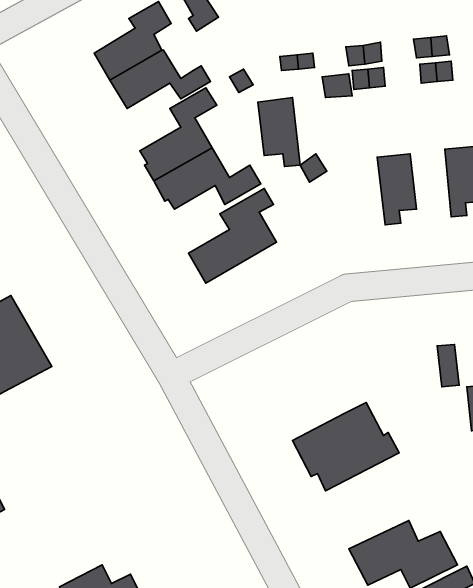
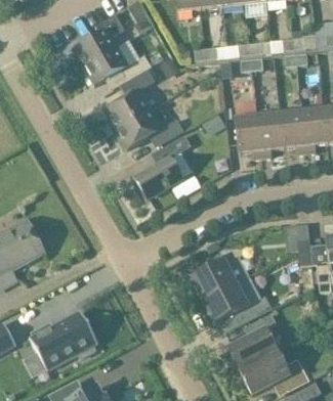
building: [258,97,300,167] -> [235,115,262,160]
building: none -> [279,109,305,154]
building: none -> [191,252,250,299]
building: none -> [30,309,97,368]
building: none -> [227,311,278,369]

